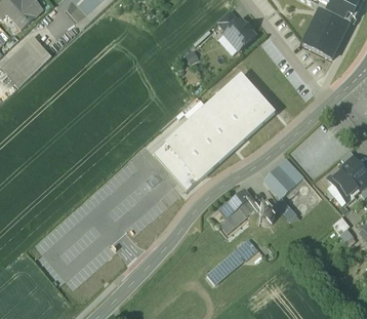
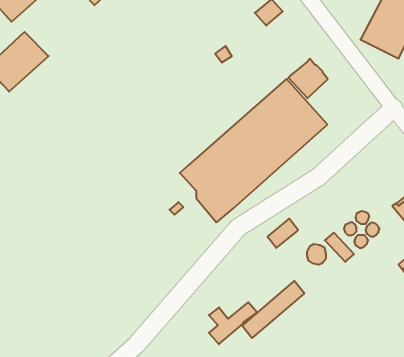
building: [223,17,255,49] -> [288,59,328,98]
building: [262,157,302,196] -> none
building: [218,197,257,231] -> [209,302,257,344]

